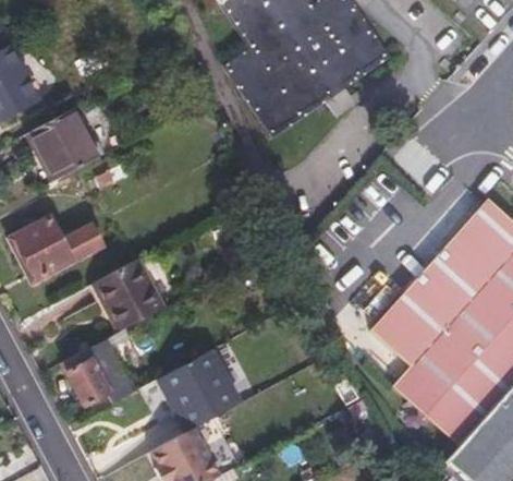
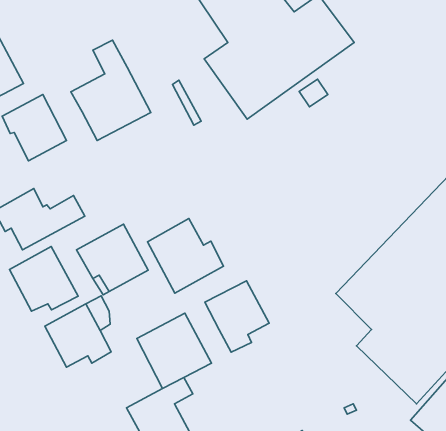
building: none -> [71,40,151,140]
building: none -> [147,219,224,293]
building: none -> [9,246,78,311]
building: none -> [205,281,269,352]

